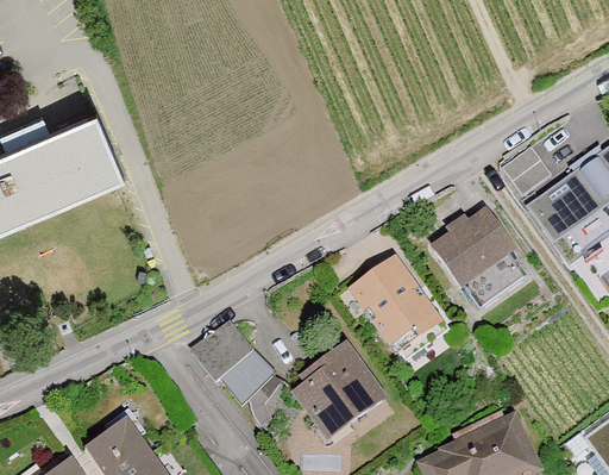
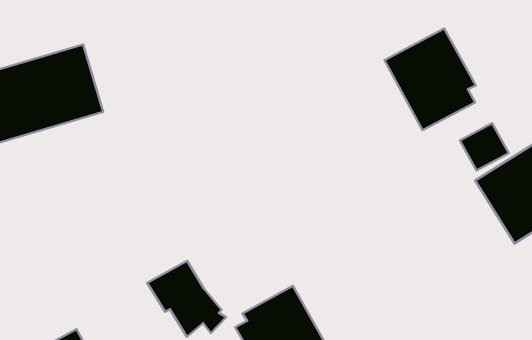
building: none -> [385,28,476,130]
building: [431,206,529,292] -> none
building: [346,257,454,371] -> none

